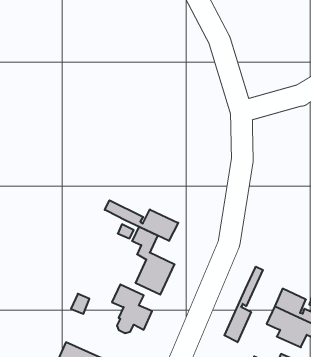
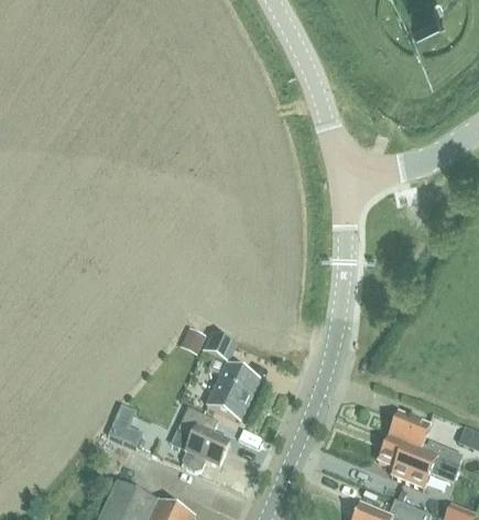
building: [105,200,178,241] -> none
building: [224,267,263,342] -> none

